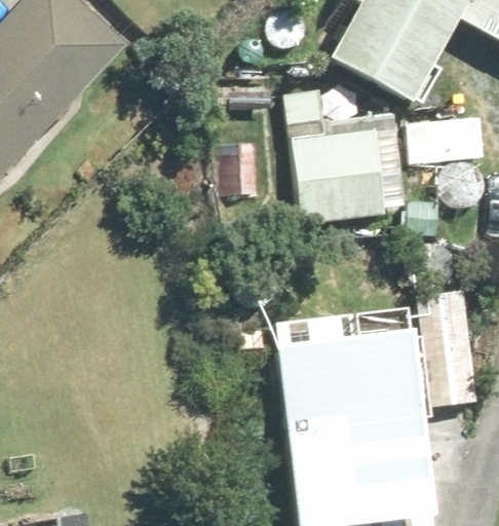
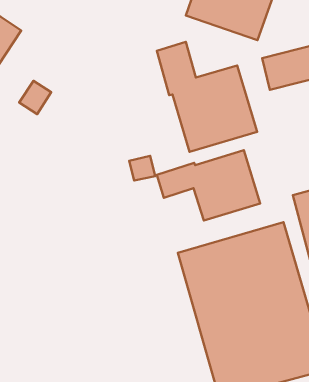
building: none -> [157,150,260,221]

